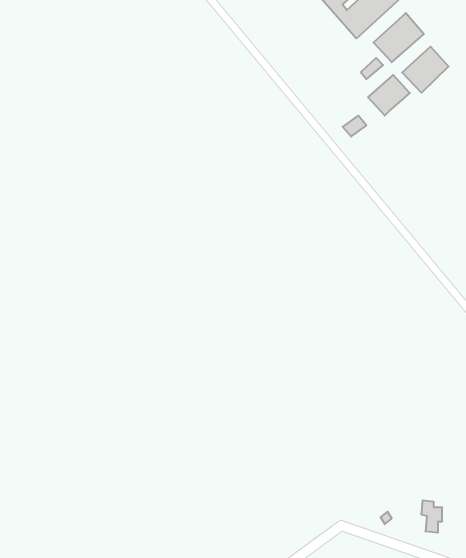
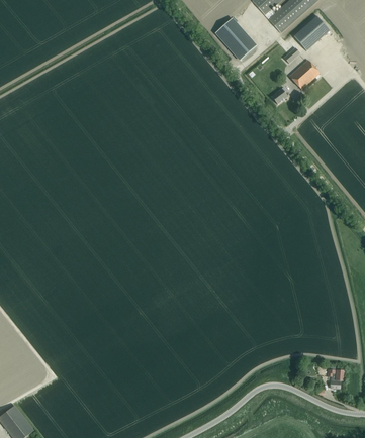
building: none -> [215,18,256,60]
building: [402,47,449,93] -> none

